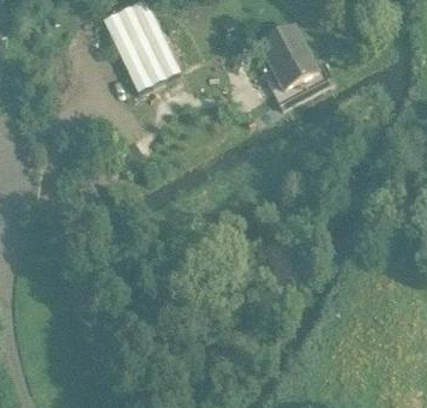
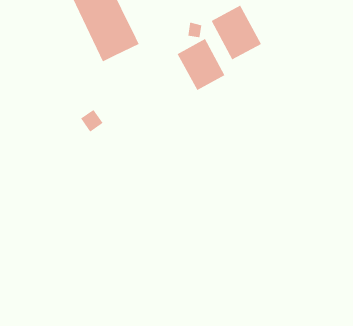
building: none -> [177,38,225,91]

